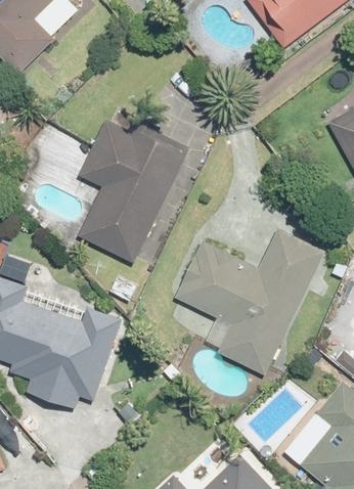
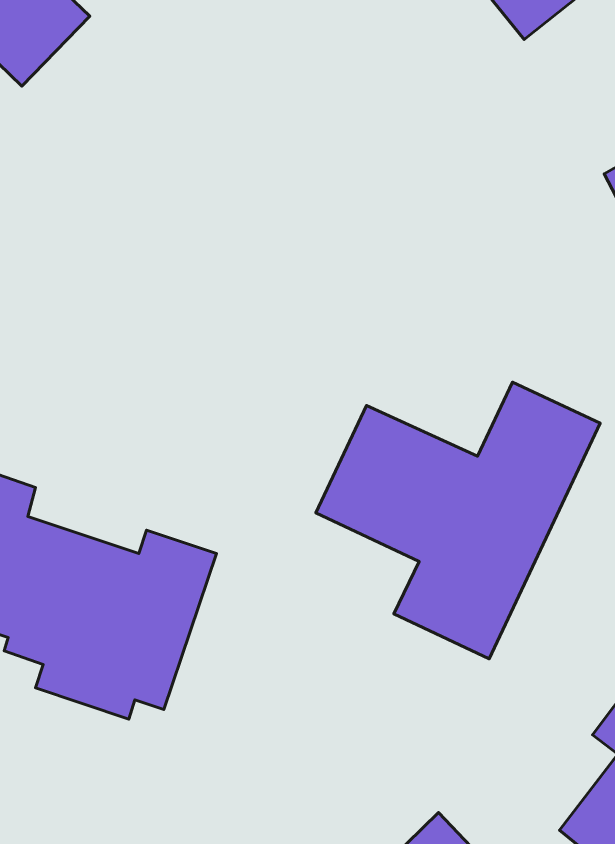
building: [81,123,185,258] -> none

